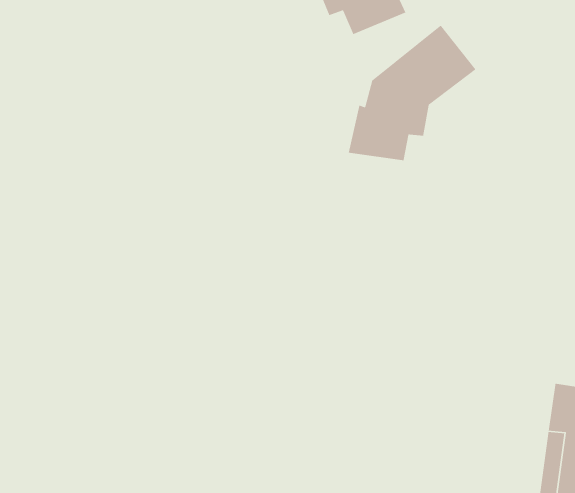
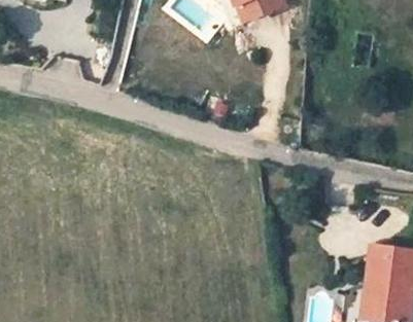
building: [348,25,477,161] -> none

